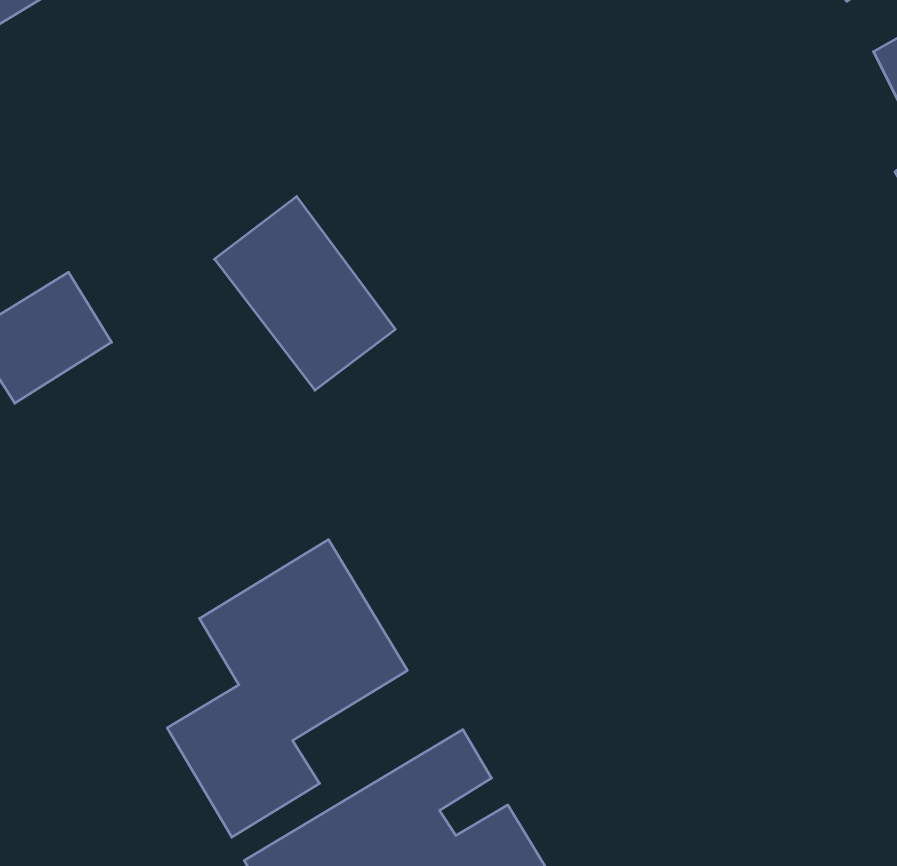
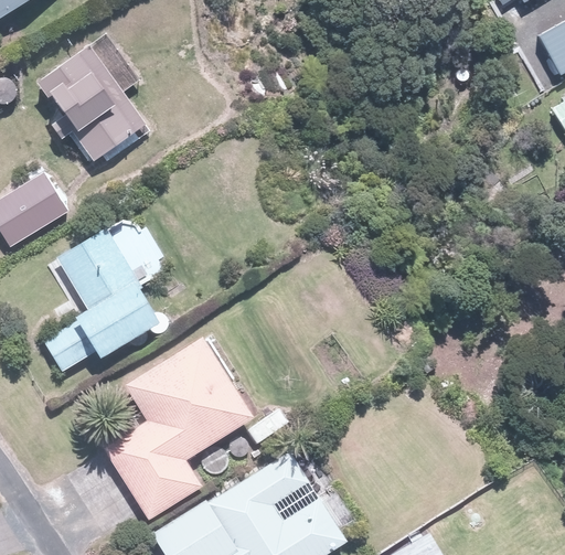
building: [214,196,395,390] -> [35,42,147,161]
building: none -> [42,231,160,374]

